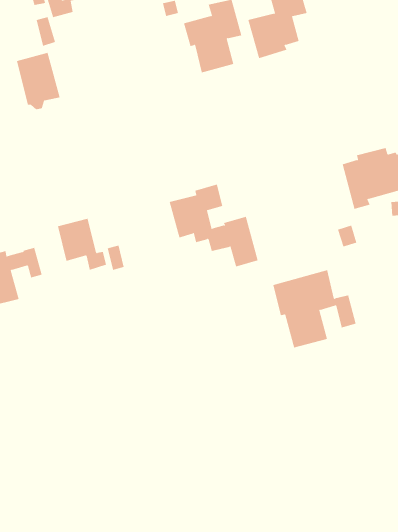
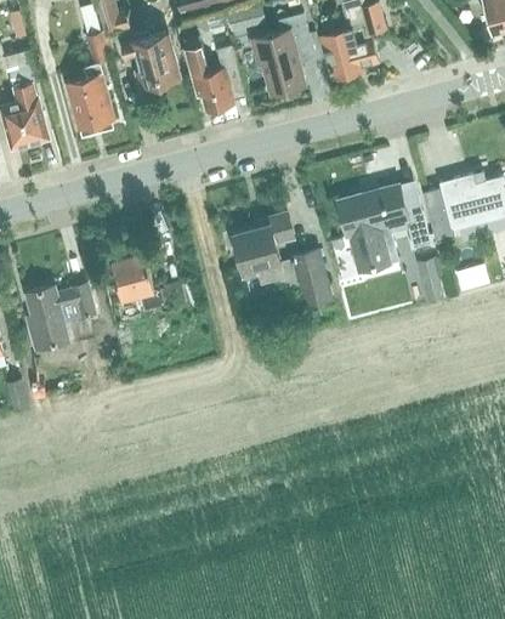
building: none -> [118,33,176,87]
building: none -> [186,45,245,112]
building: [272,269,357,348] -> [337,186,430,272]

